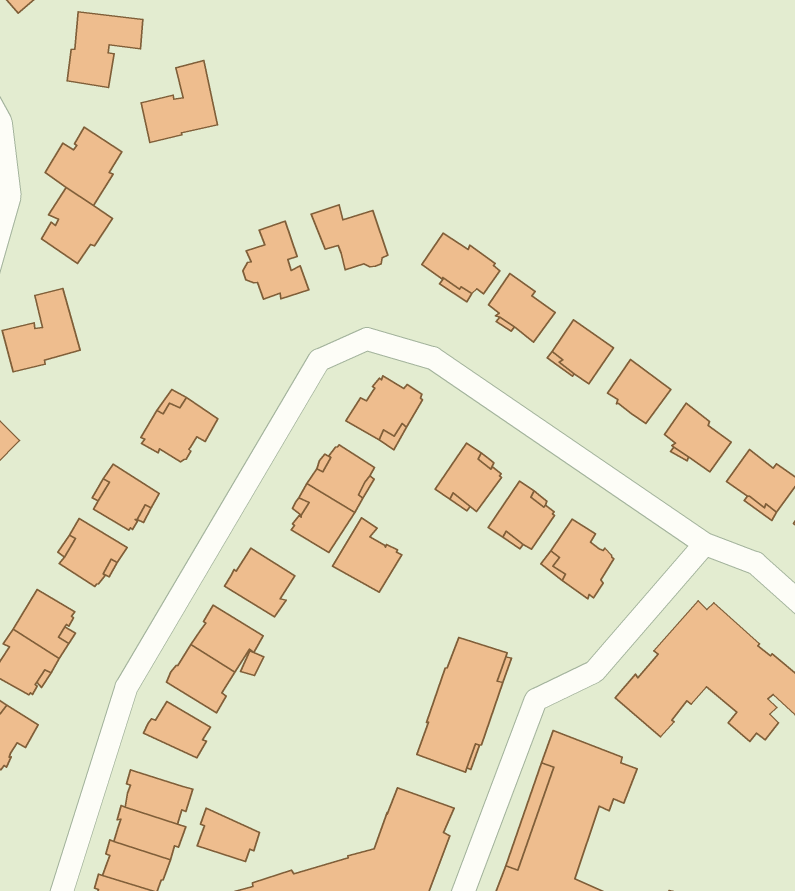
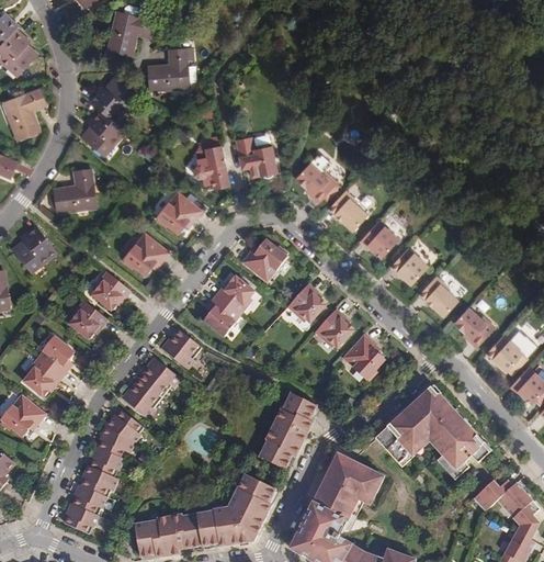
building: none -> [156,191,203,232]
building: [332,518,402,592] -> none
building: [197,808,259,861] -> [98,426,134,459]

